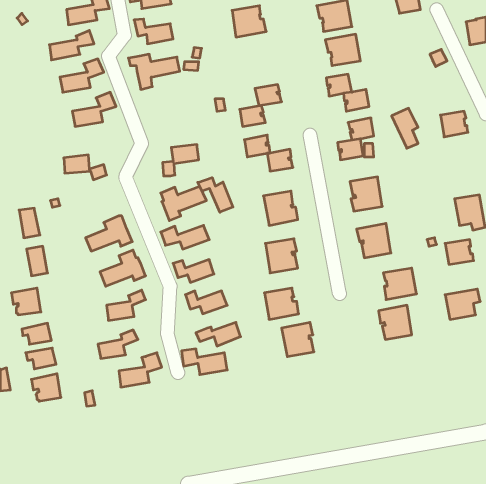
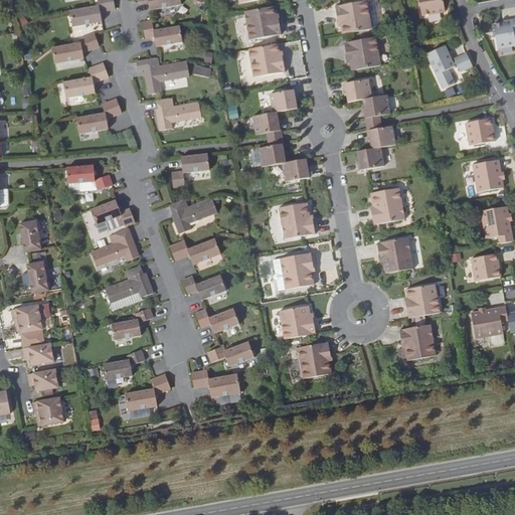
building: none -> [248,43,286,76]
building: none -> [156,98,202,130]
building: [392,108,418,148] -> [426,45,455,88]
building: none -> [472,161,504,191]
building: [198,178,233,212] -> none
building: none -> [91,199,137,228]

